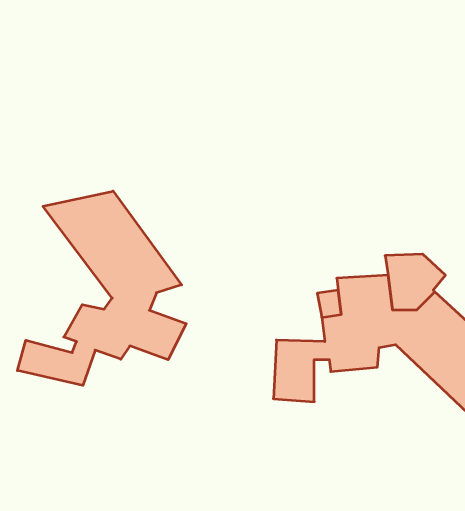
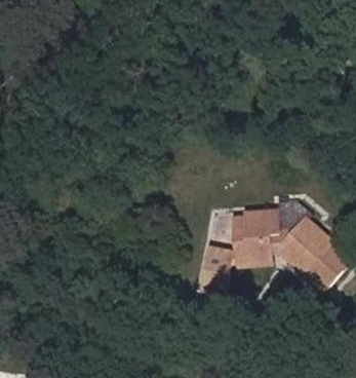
building: [17,191,186,385] -> none

